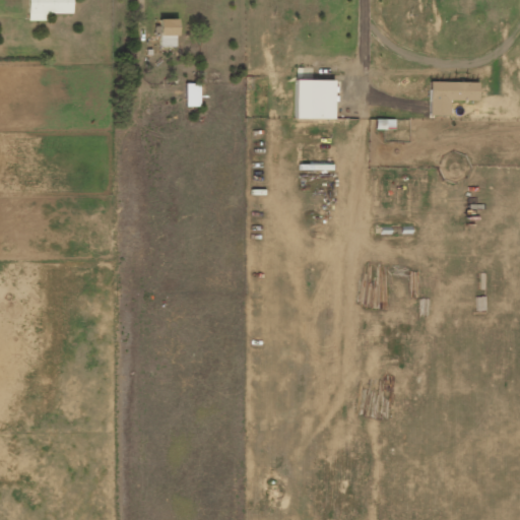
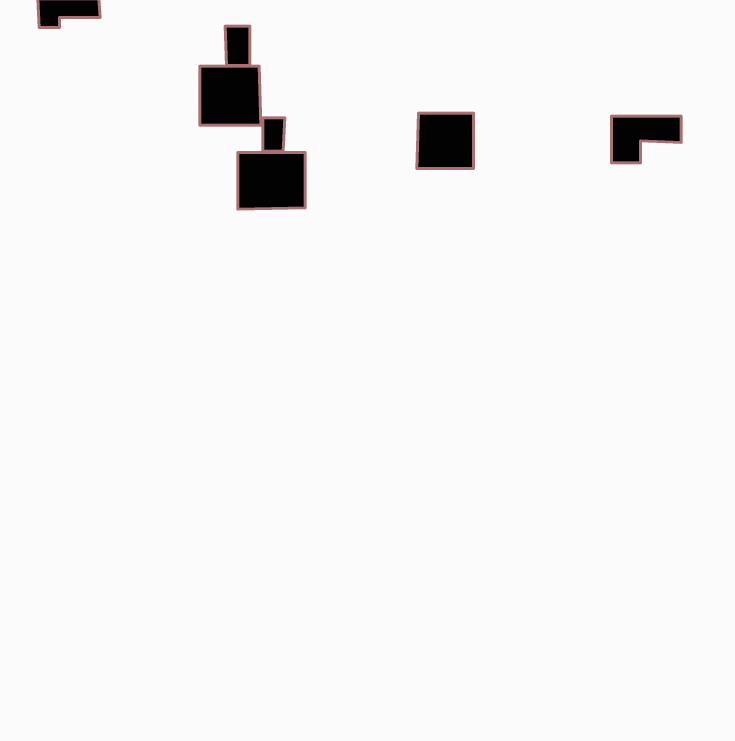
building: none -> [200,66,261,125]
building: none -> [238,152,305,209]

